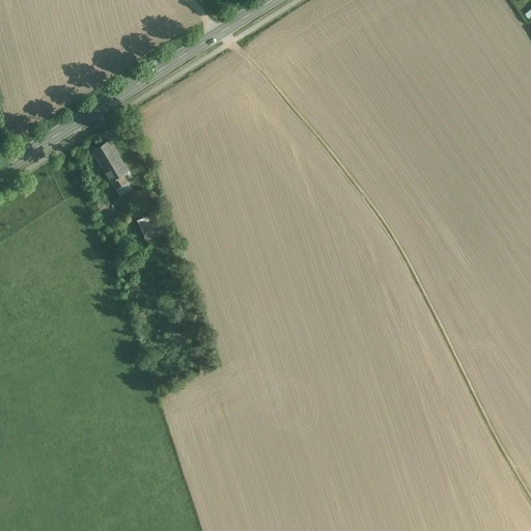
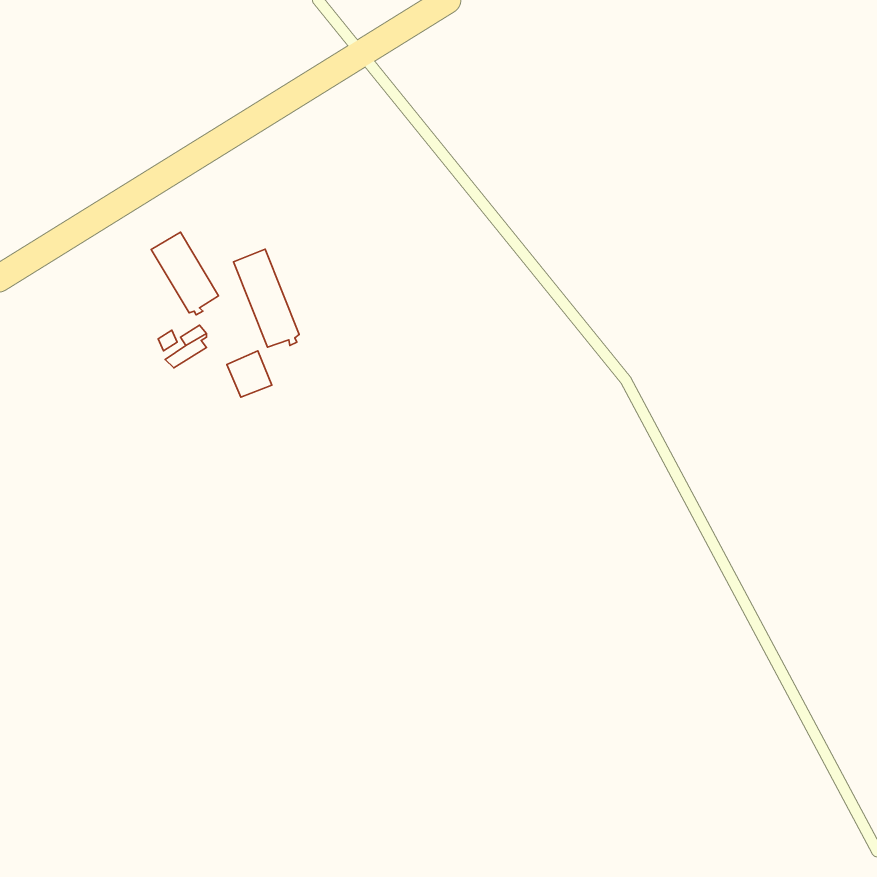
building: none -> [233,249,299,347]

